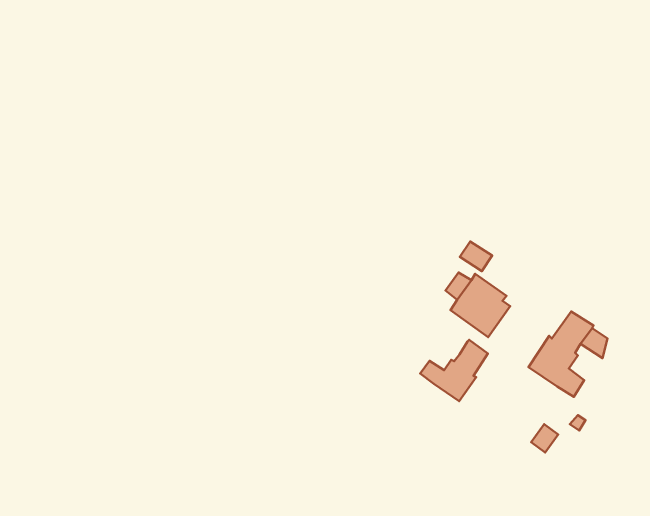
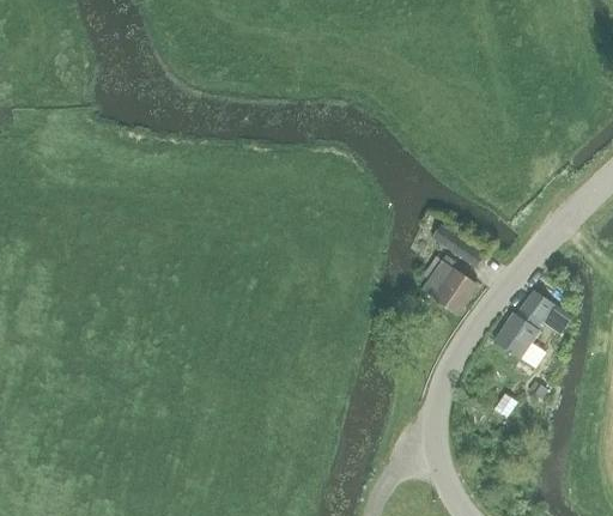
building: [420,340,488,401] -> none

